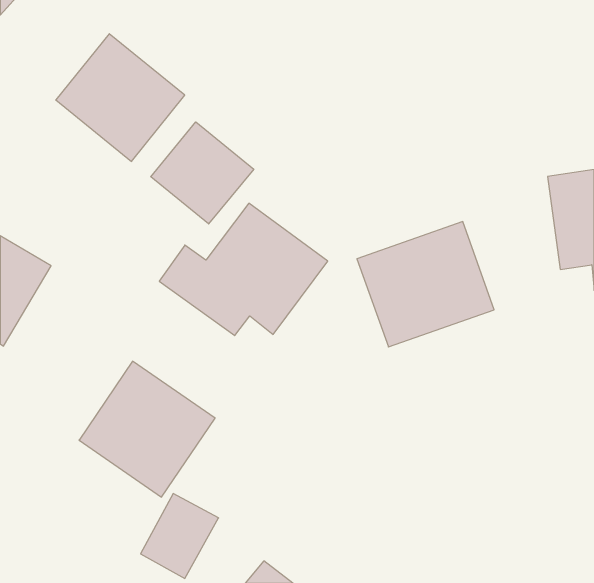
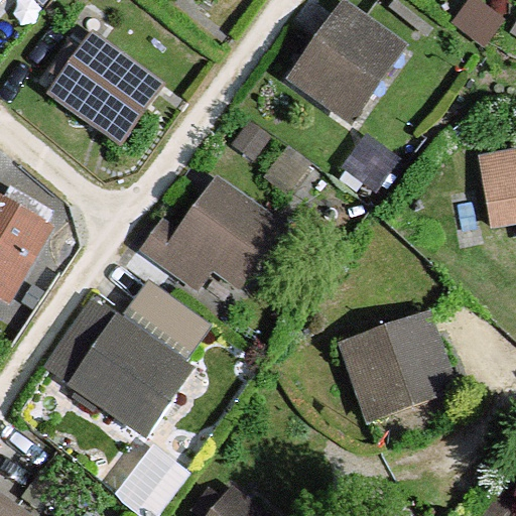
building: none -> [290,5,404,125]
building: [151,122,254,224] -> none
building: [357,222,494,347] -> [340,308,459,417]

